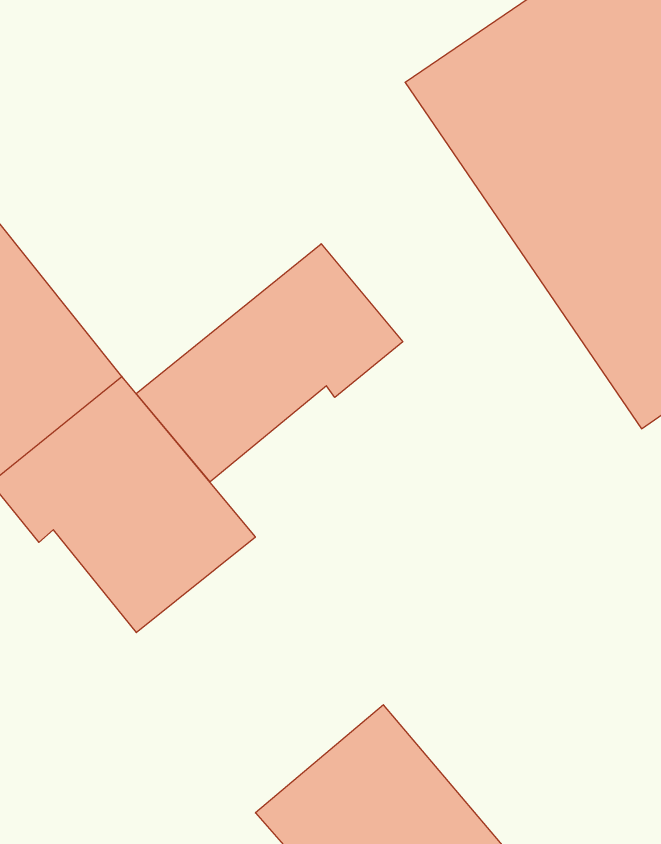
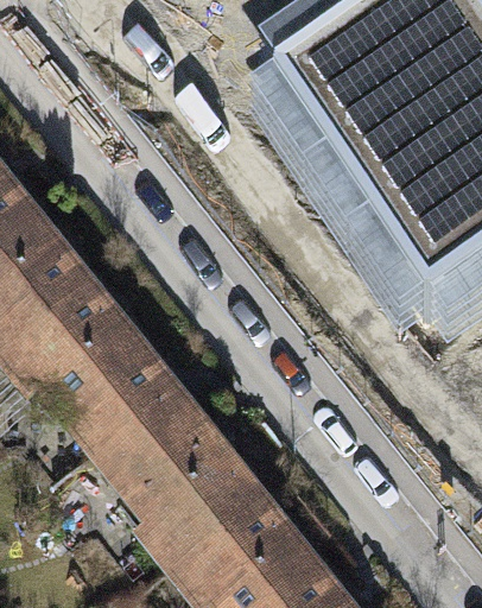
building: [136,244,403,482] -> none
building: none -> [91,376,254,558]

